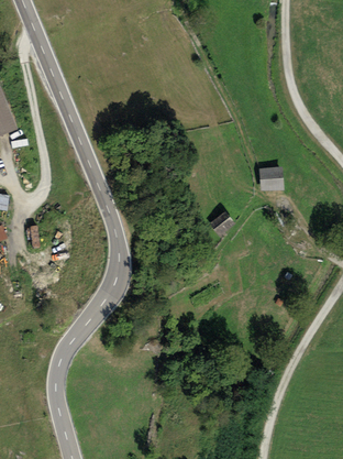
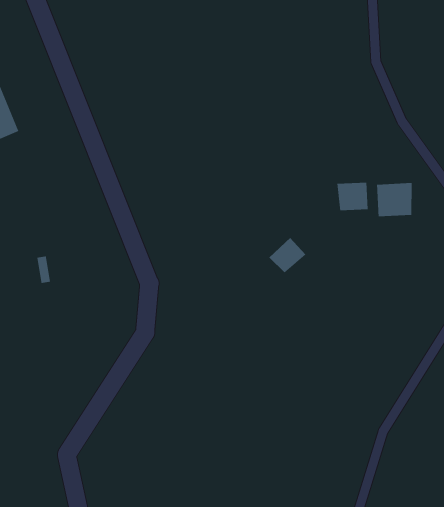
building: none -> [376,182,412,217]

